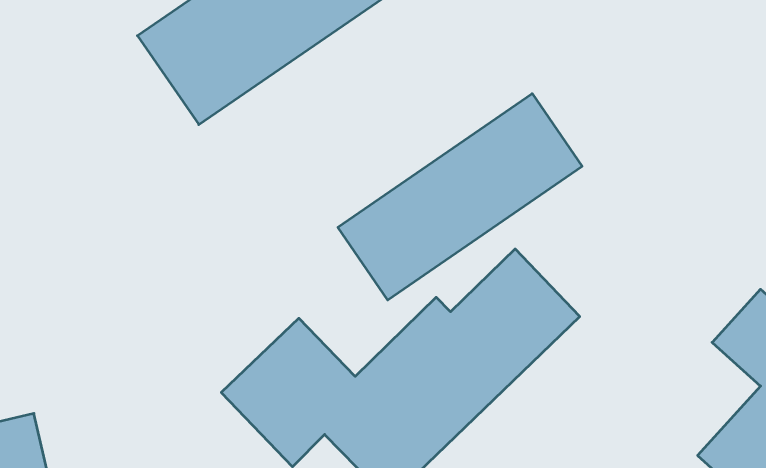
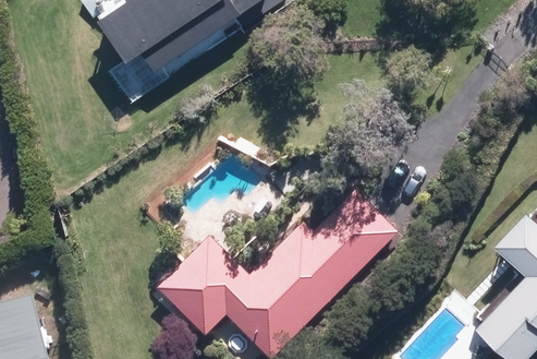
building: [338,94,582,300] -> none

